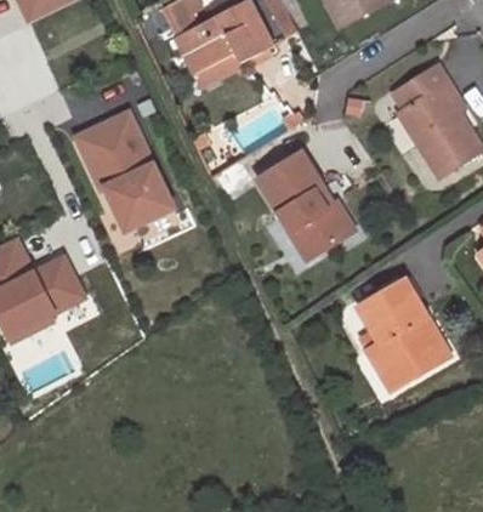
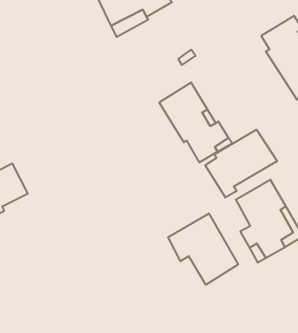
building: [76,114,171,231] -> none
building: none -> [205,130,277,198]
building: none -> [168,213,238,285]

